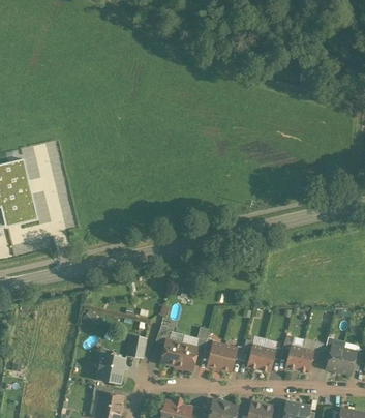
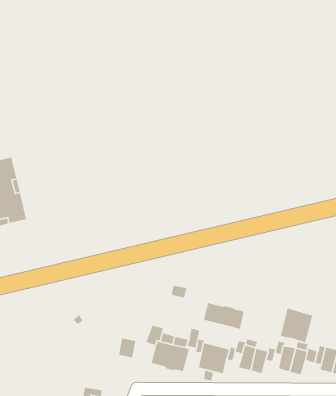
building: none -> [204,302,245,330]
building: none -> [280,307,313,343]
building: [94,352,127,383] -> none

